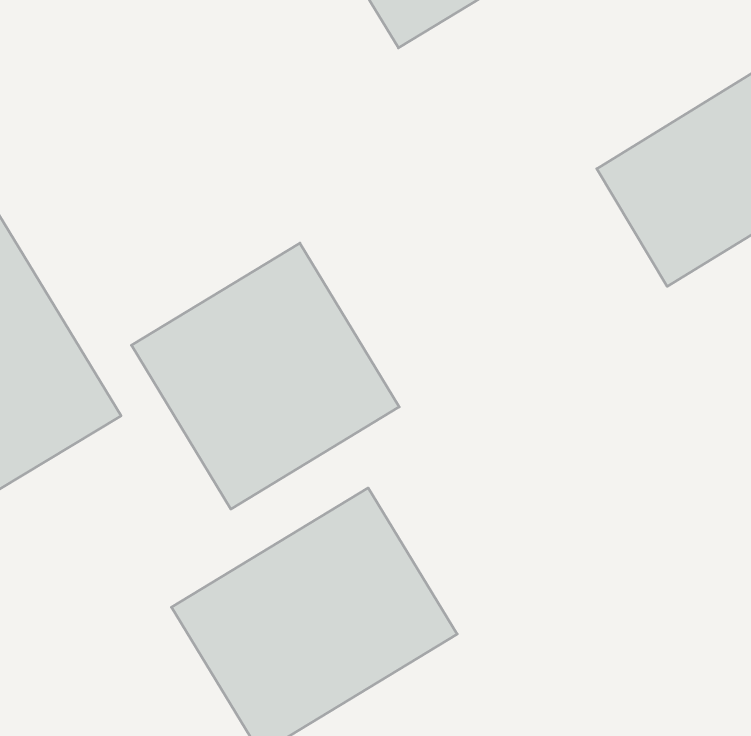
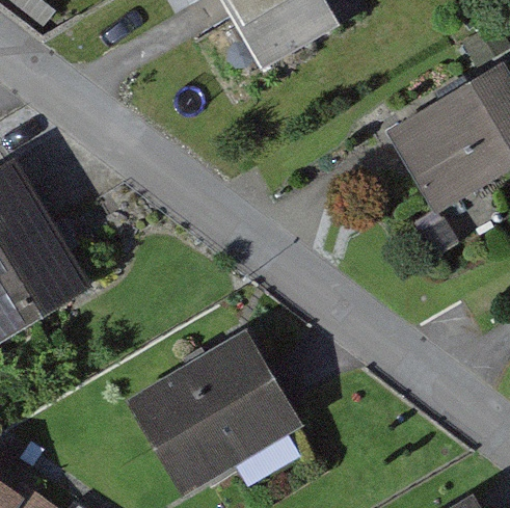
building: [131,243,399,509] -> none

